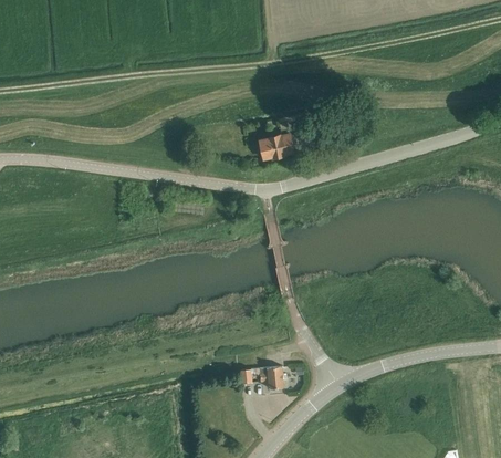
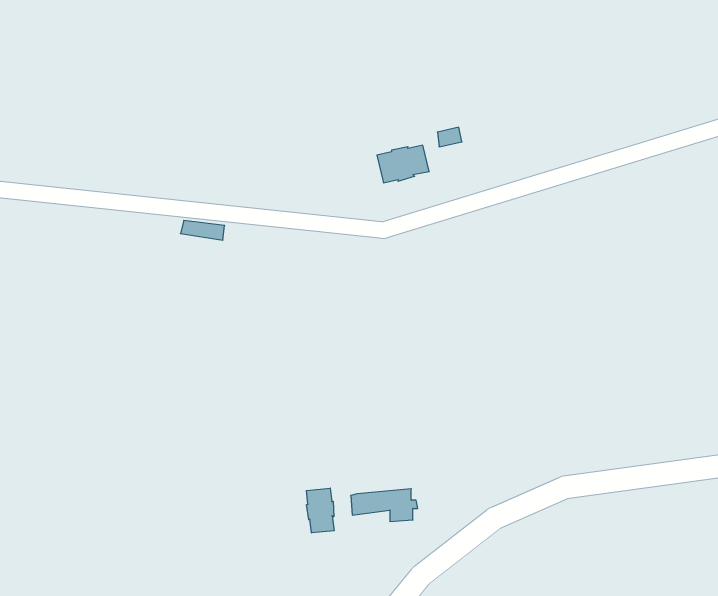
building: none -> [306,488,334,533]

